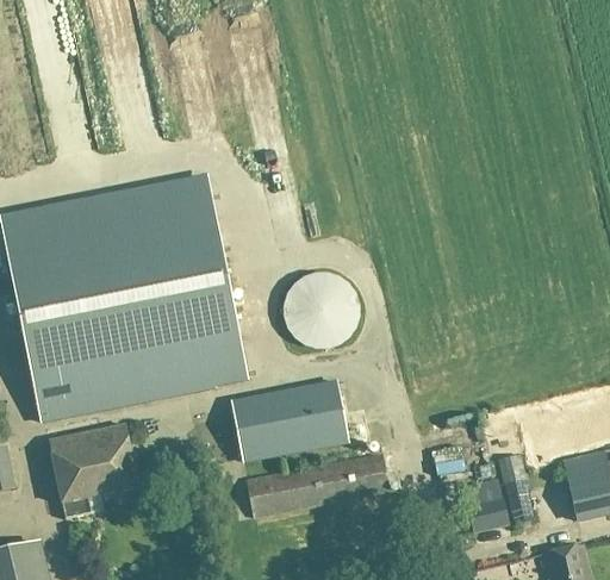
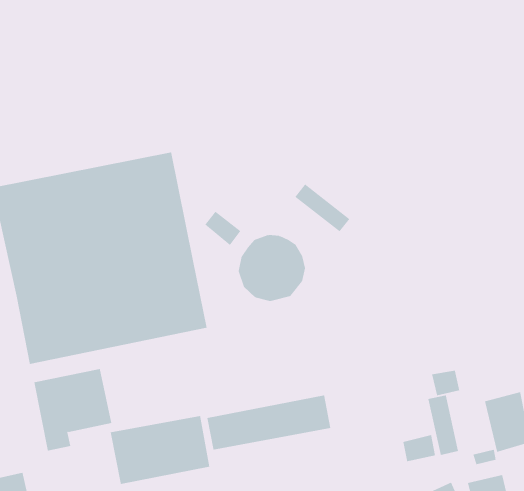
building: none -> [295,184,350,232]
building: none -> [205,211,241,246]
building: [231,381,346,460] -> [110,415,210,484]
building: none -> [432,370,460,396]

